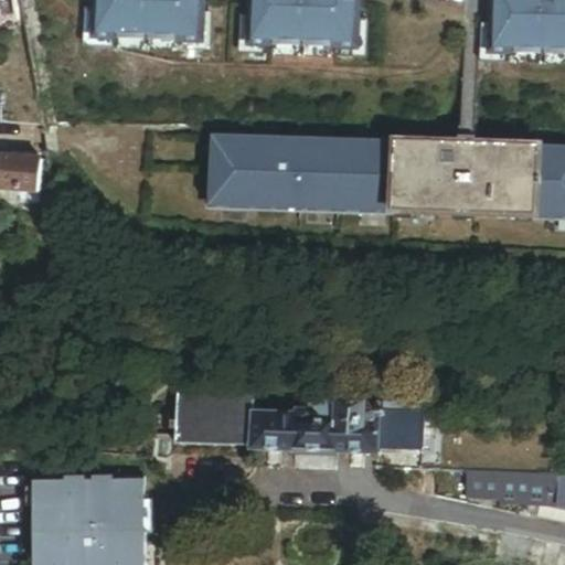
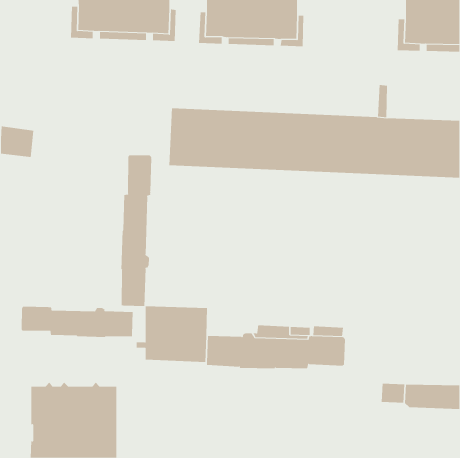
building: none -> [121,154,152,307]
building: none -> [21,306,133,338]

